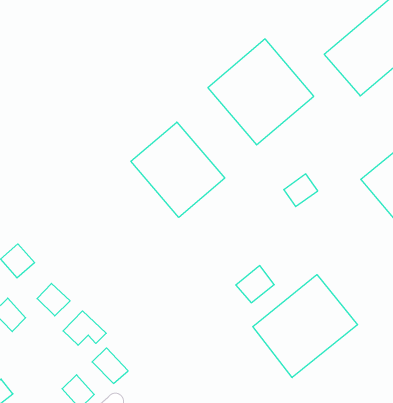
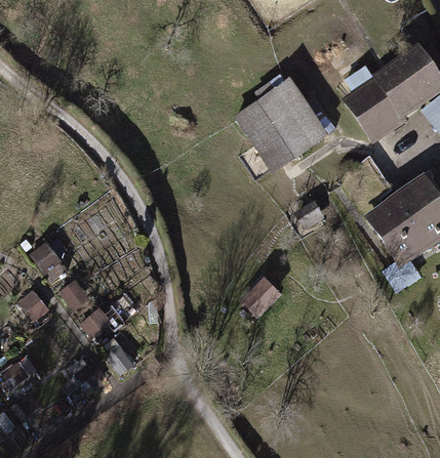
building: [131,122,225,217] -> none
building: [253,275,358,378] -> none

